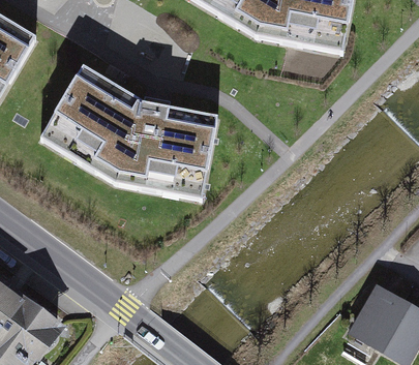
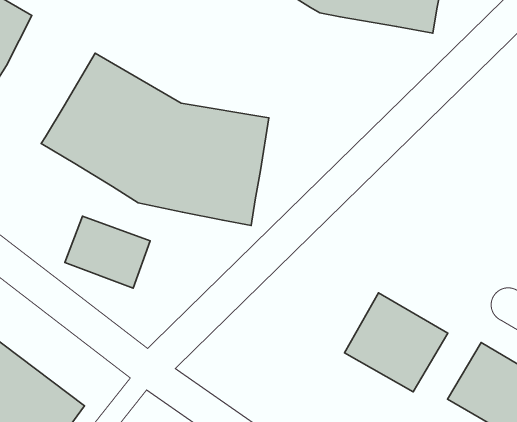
building: none -> [65,216,150,288]
building: none -> [345,293,448,392]

